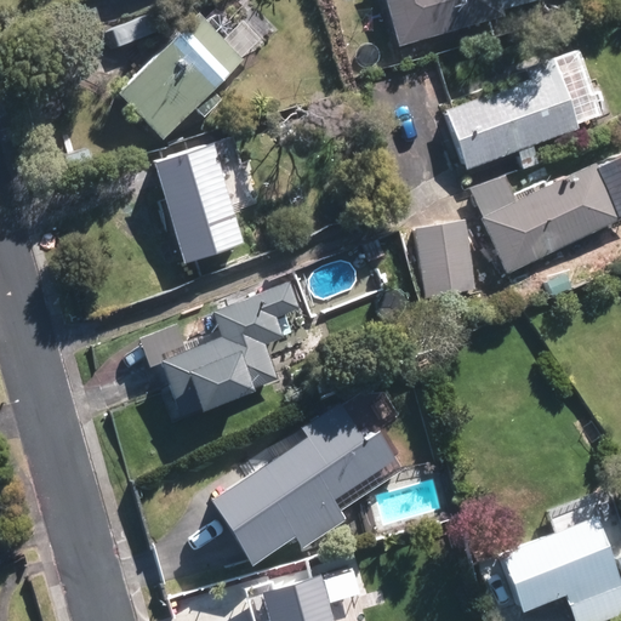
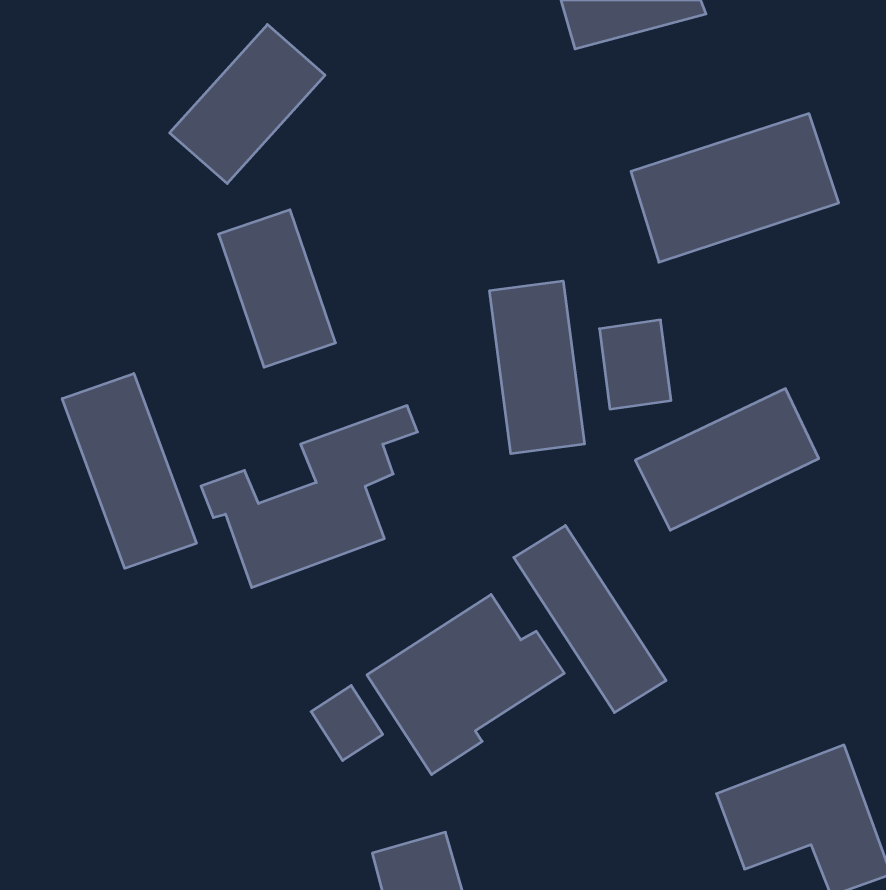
building: [485,170,613,268] -> [635,389,819,530]
building: none -> [490,281,584,454]
building: none -> [62,373,196,568]
building: none -> [514,525,666,713]

